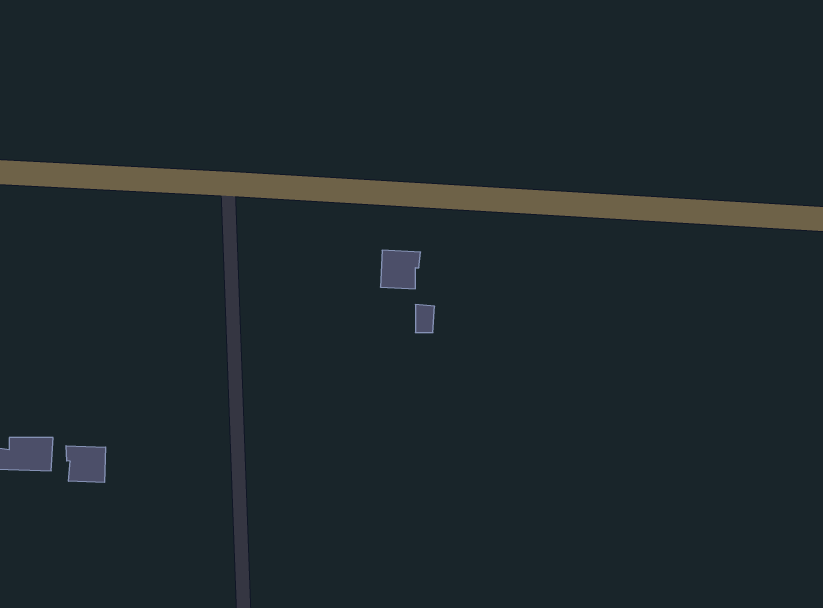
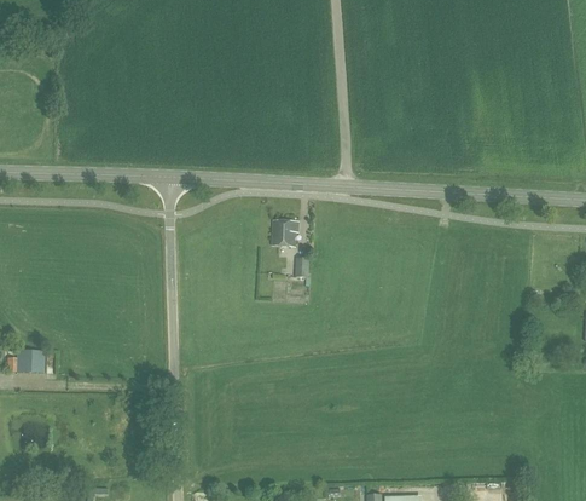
building: [66,446,106,482] -> none

